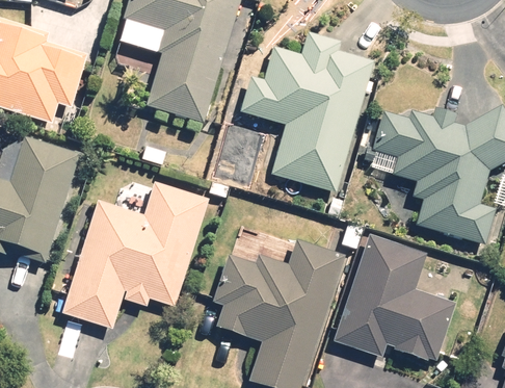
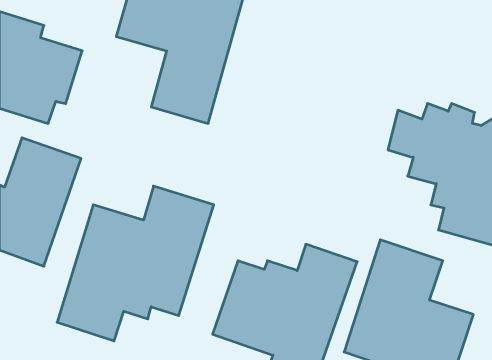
building: [238,32,372,188] -> none

